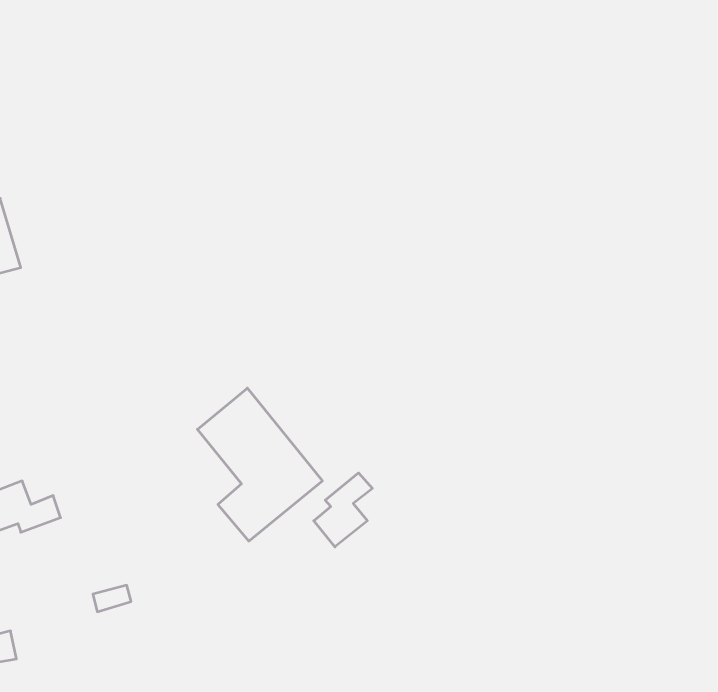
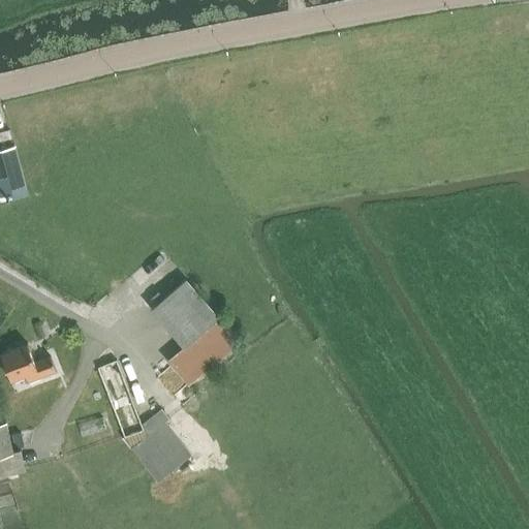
building: [314,473,372,547] -> none
building: none -> [97,360,189,481]

